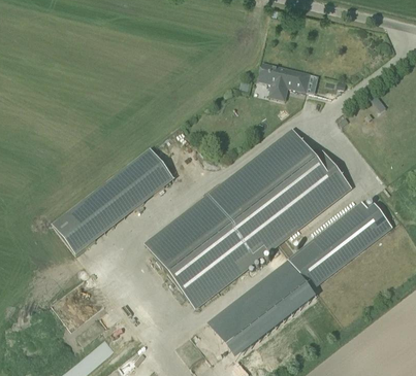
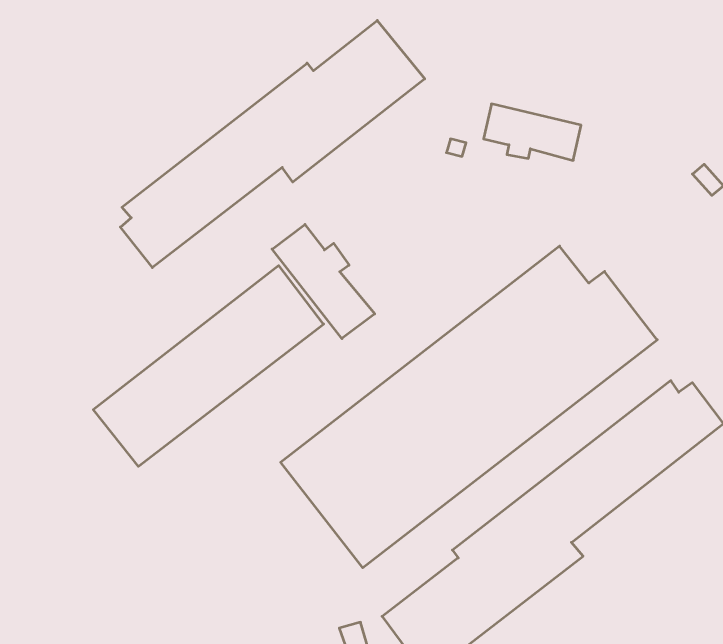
building: none -> [120,20,425,268]
building: none -> [272,224,375,339]

